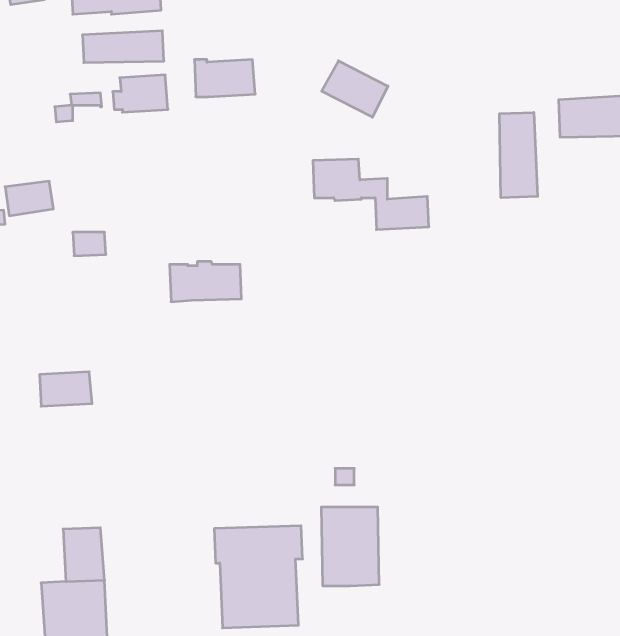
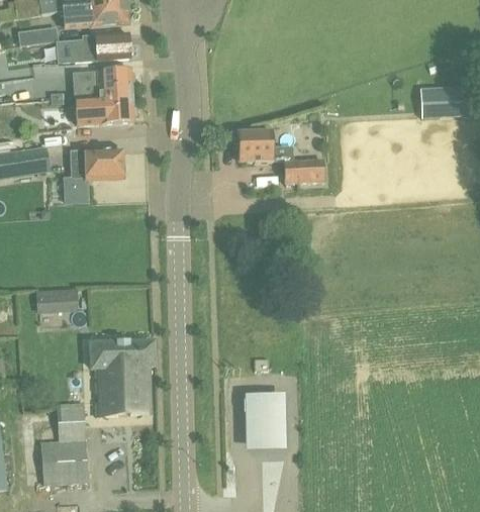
building: none -> [18,26,58,46]
building: [194,60,255,97] -> [90,96,134,123]
building: [322,61,388,117] -> none
building: [500,112,538,198] -> none
building: [170,262,241,302] -> [70,148,122,178]
building: [214,526,303,628] -> [90,341,155,416]

